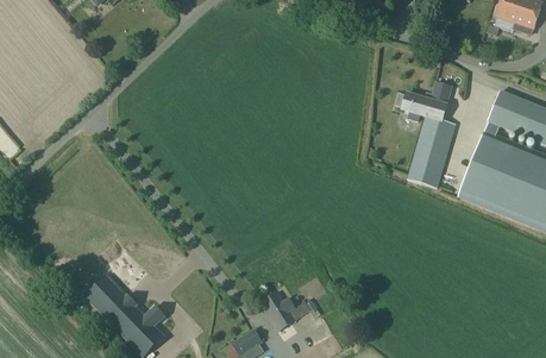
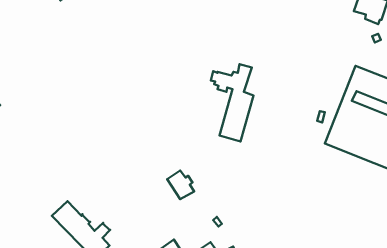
building: [396,81,454,187] -> [211,64,253,142]
building: [261,290,297,329] -> [167,170,194,199]

